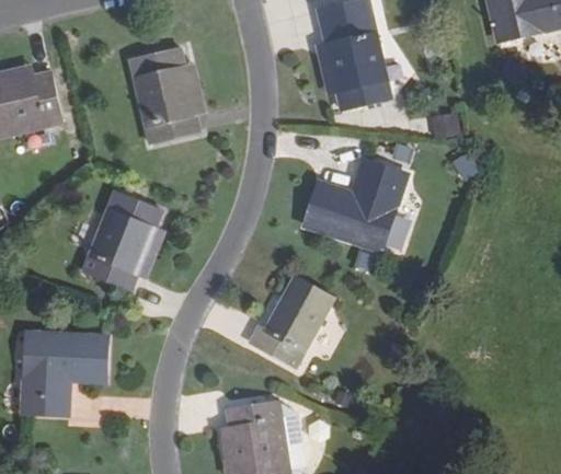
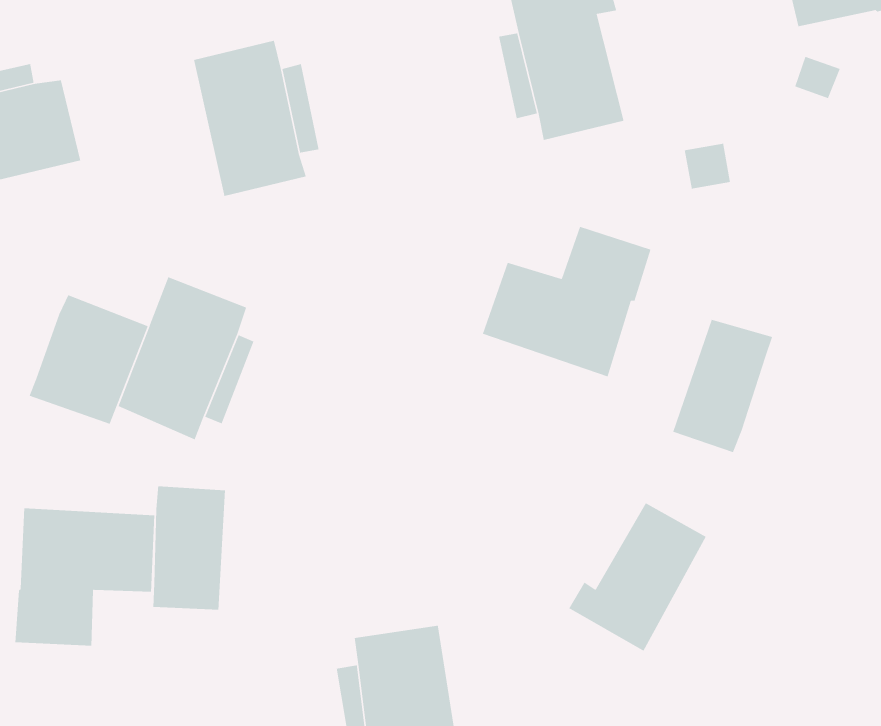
building: none -> [29,294,149,425]
building: none -> [672,319,773,453]
building: [249,277,333,368] -> [568,502,707,652]
building: none -> [153,486,226,610]

